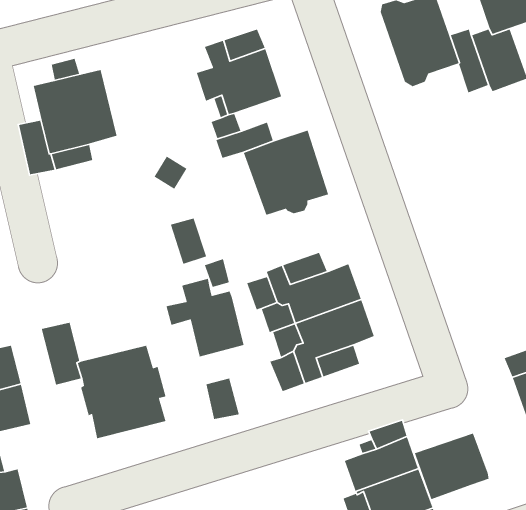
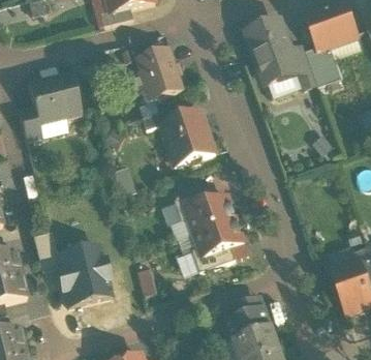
building: [166,278,245,357] -> none
building: [414,433,490,500] -> none

